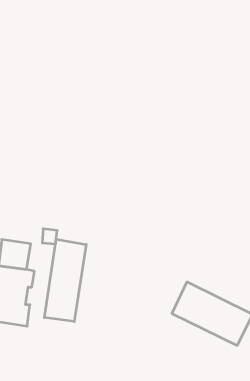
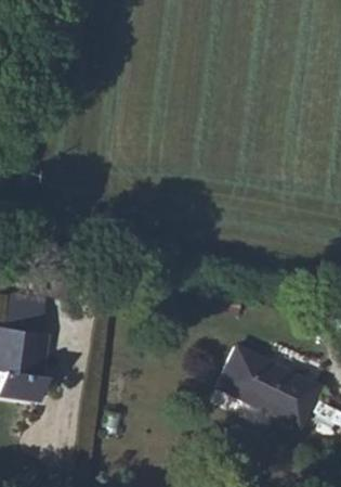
building: [44,239,86,322] -> none

